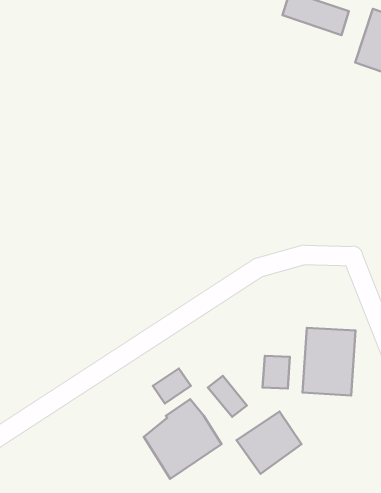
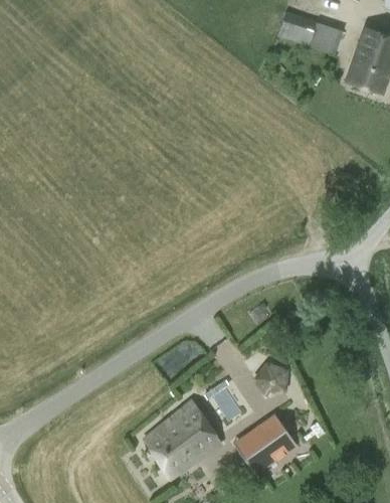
building: [302,328,356,395] -> none
building: [153,368,191,403] -> none

